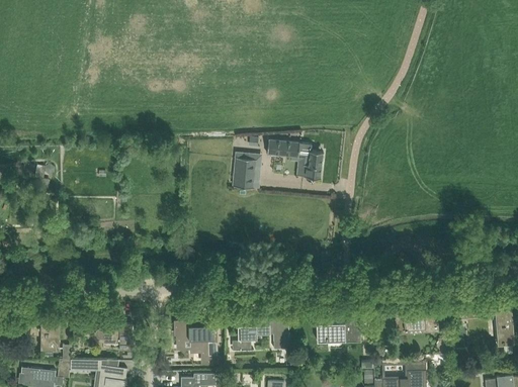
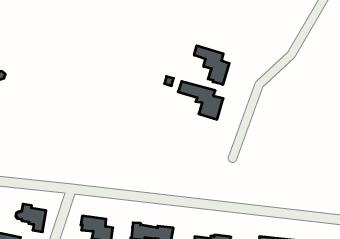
building: none -> [194,46,229,85]
building: [232,153,262,189] -> none

